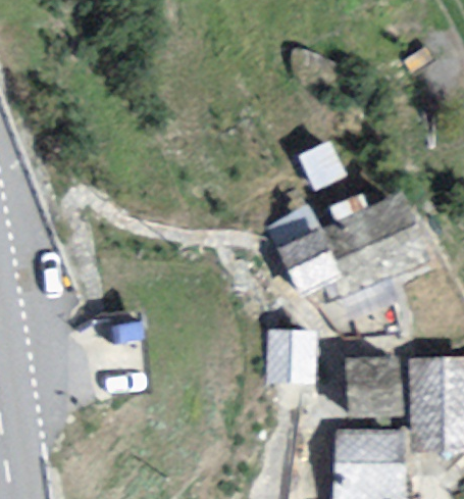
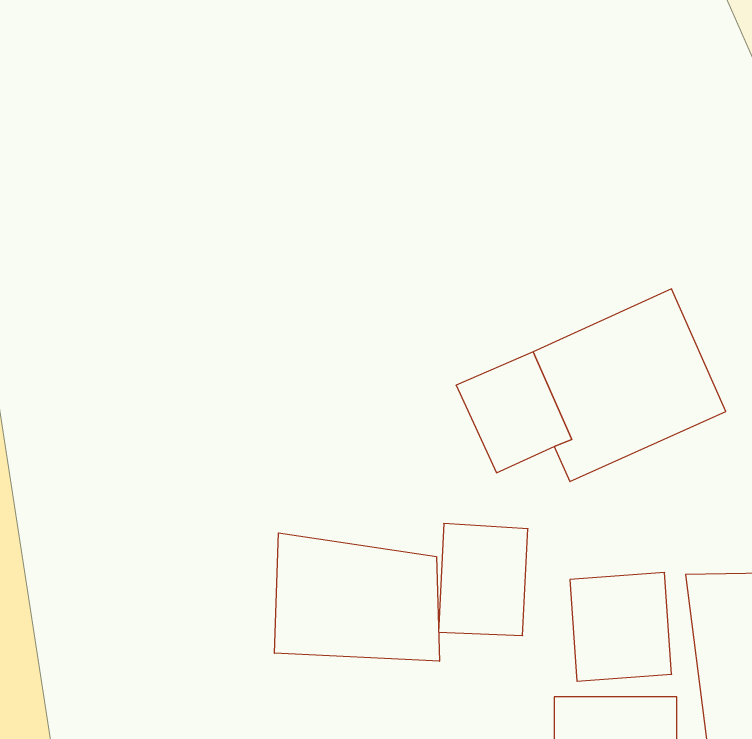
building: none -> [274,533,439,661]

